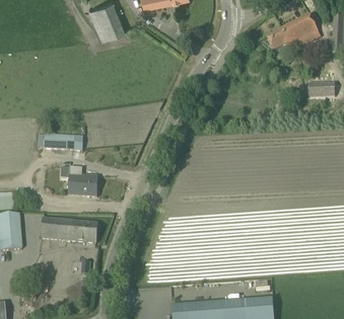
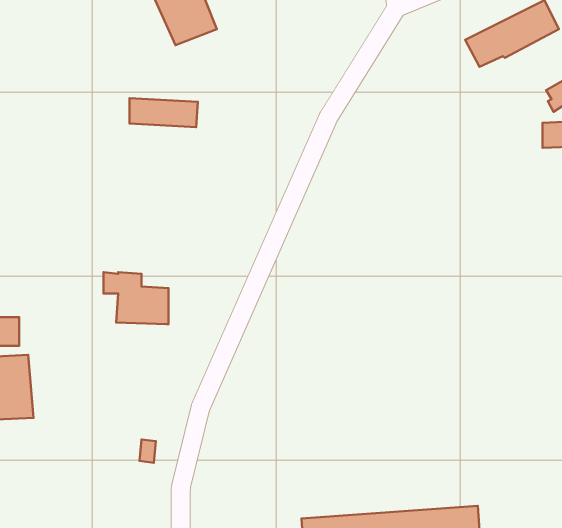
building: [44,134,82,150] -> [130,98,198,127]
building: [41,218,97,243] -> none

